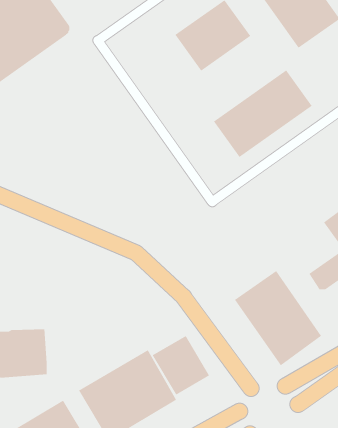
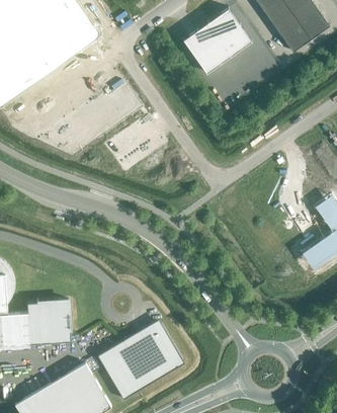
building: [213,70,313,158] -> none
building: [234,270,322,366] -> none
building: [152,335,210,396] -> none

